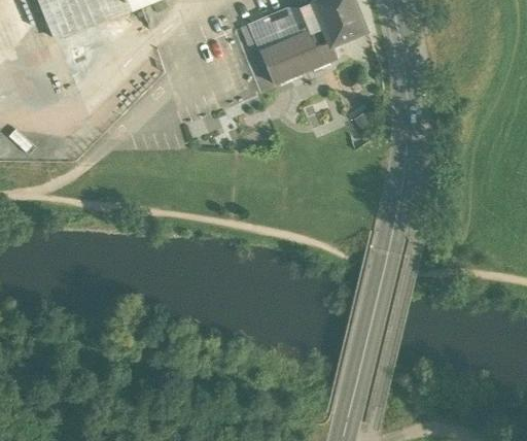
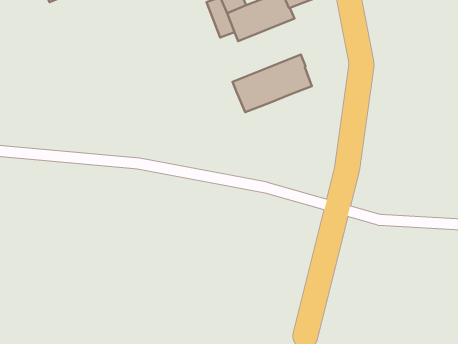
building: none -> [232,54,312,112]

